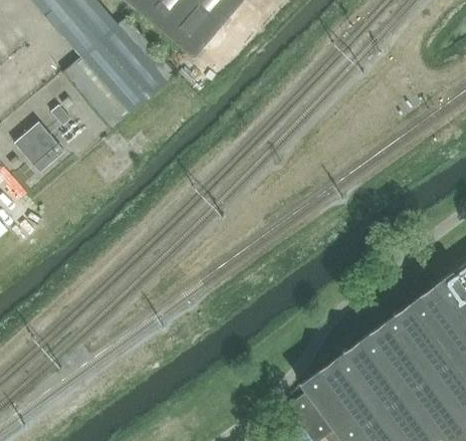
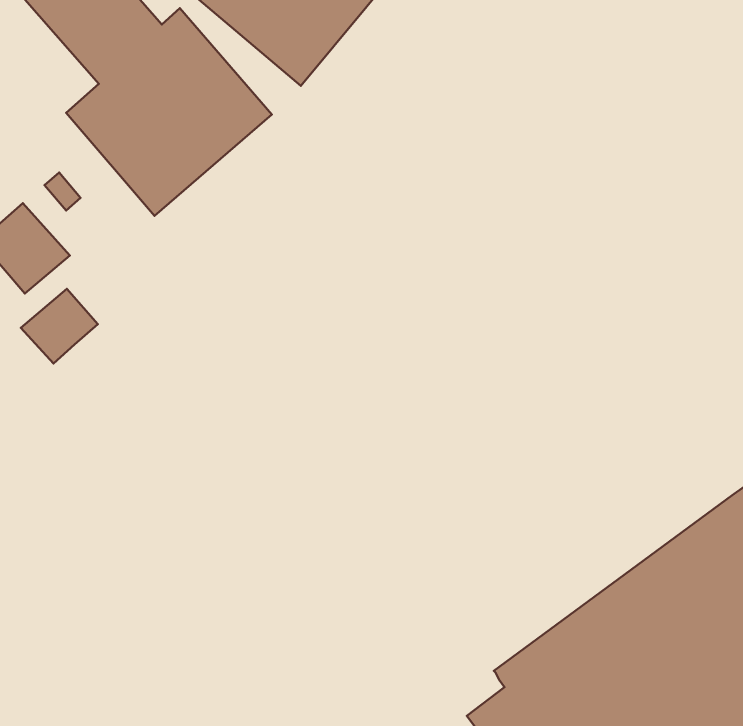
building: none -> [21,289,98,363]

